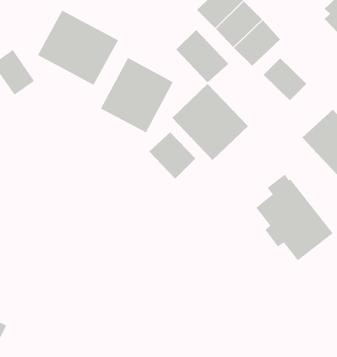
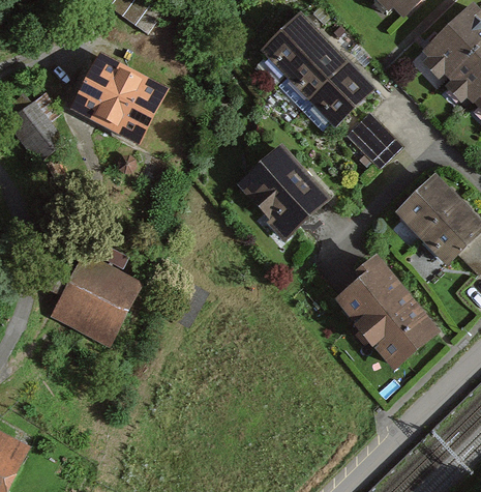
building: [175,29,229,83] -> none
building: [100,57,174,133] -> none
building: [148,132,196,179] -> none
building: none -> [44,255,139,343]

